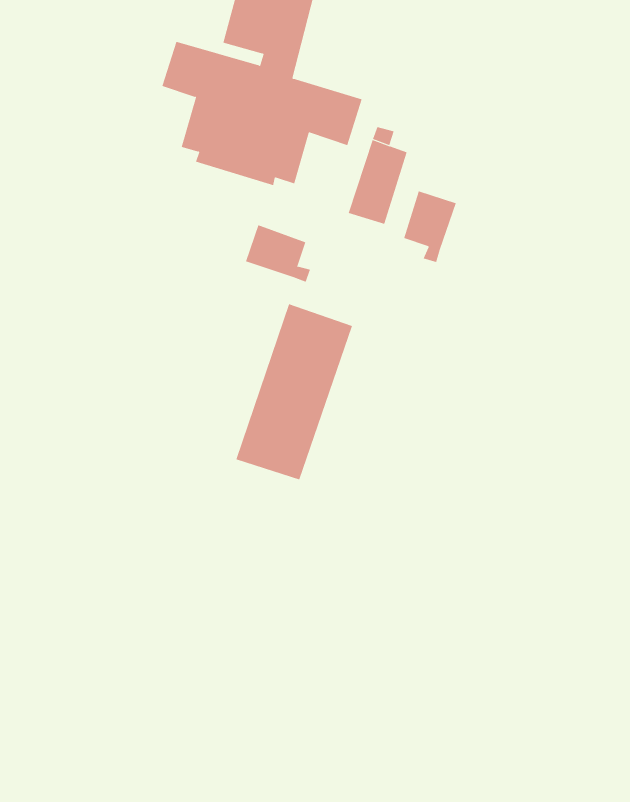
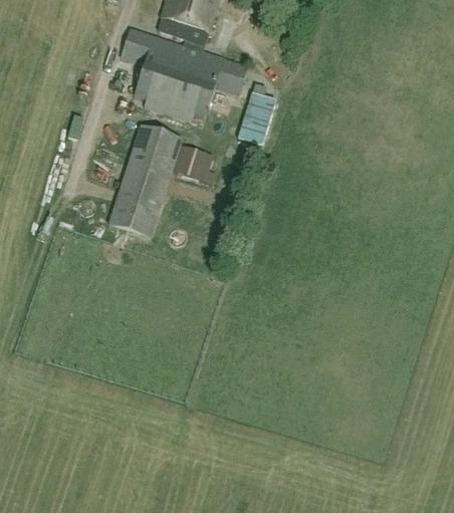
building: [404,190,456,263] -> none
building: [235,303,353,480] -> [107,126,181,237]

